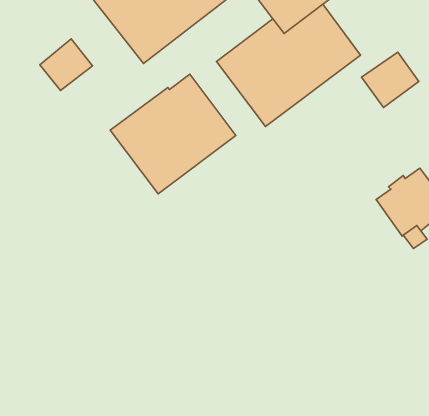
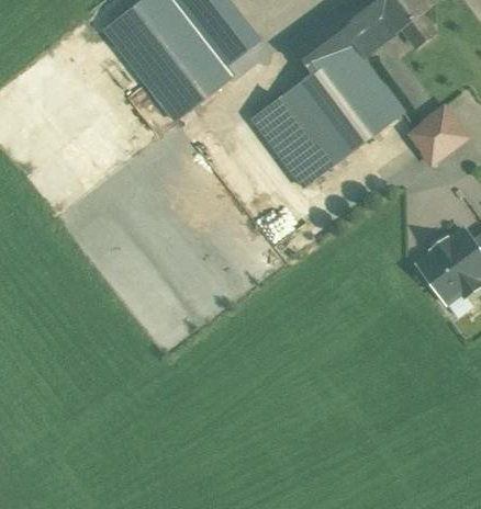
building: [40,39,92,91] -> none
building: [110,74,236,194] -> none

